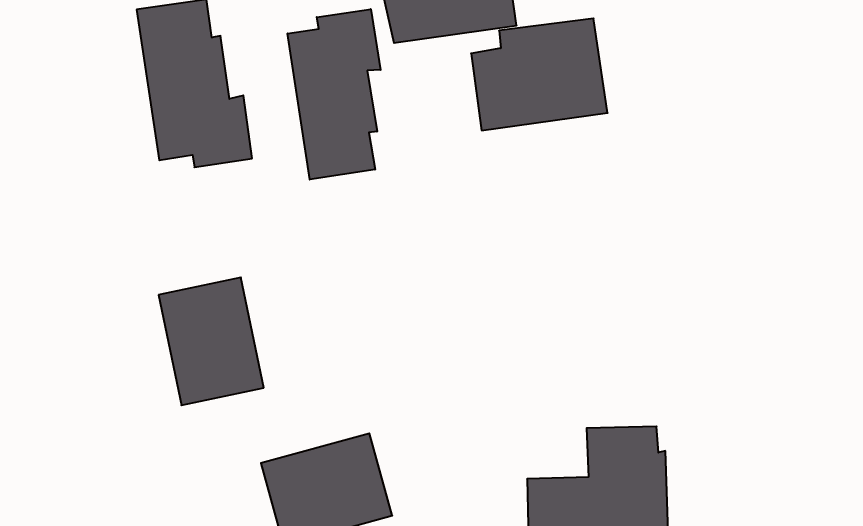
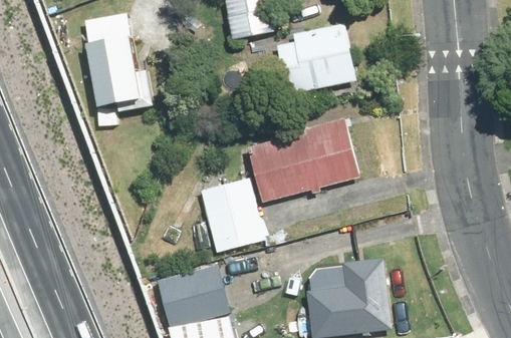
building: [288,9,381,180] -> none
building: none -> [248,117,358,202]
building: [159,277,264,405] -> [202,180,262,253]

